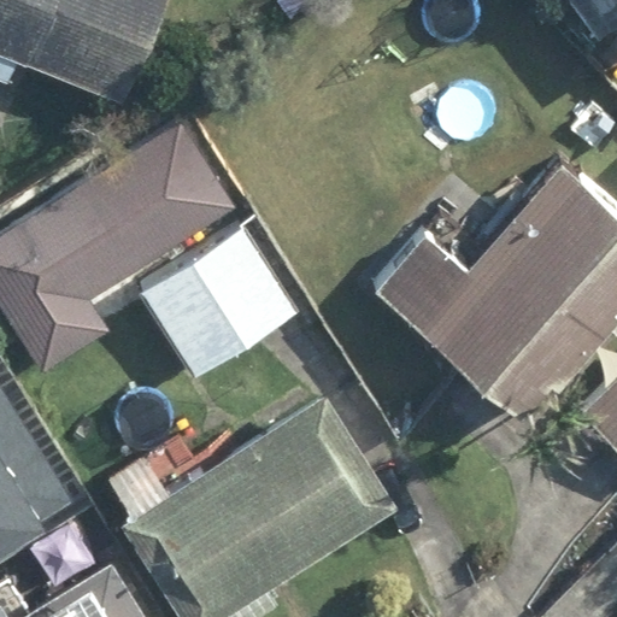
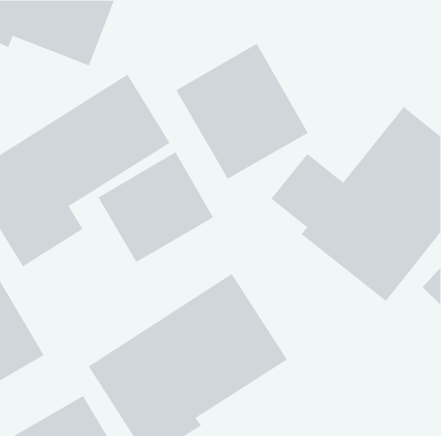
building: none -> [176,43,308,179]

